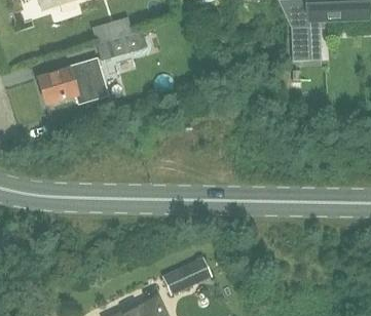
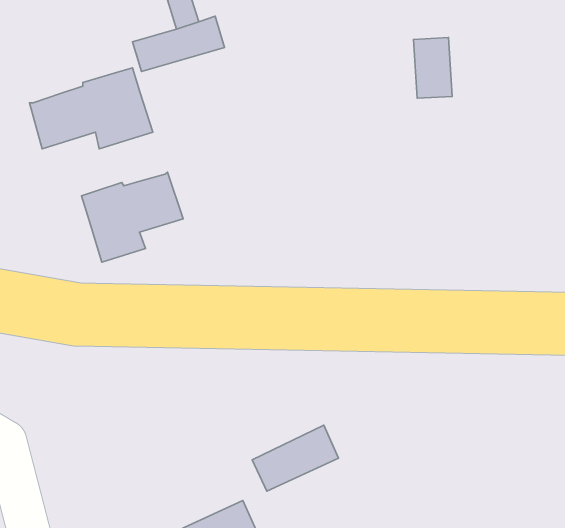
building: [290,27,311,61] -> [414,38,452,98]
building: none -> [82,172,183,262]

